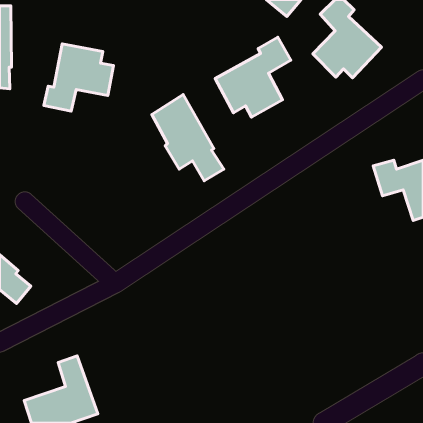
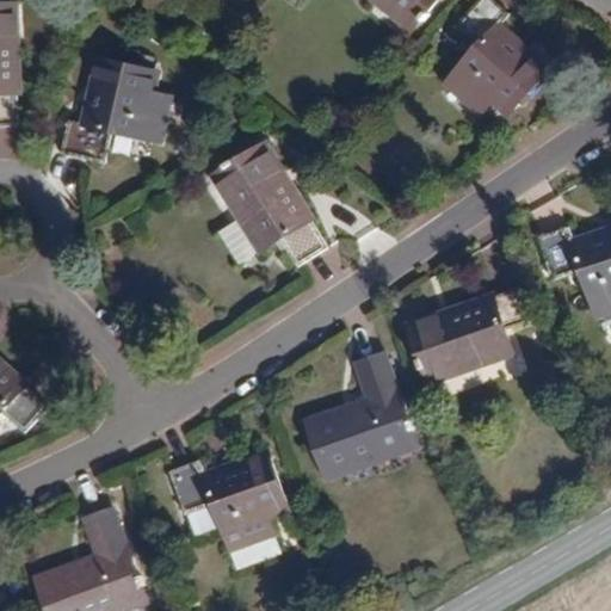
building: [215,37,291,117] -> none
building: none -> [412,291,537,378]
building: none -> [309,357,413,480]
building: none -> [168,457,288,550]

